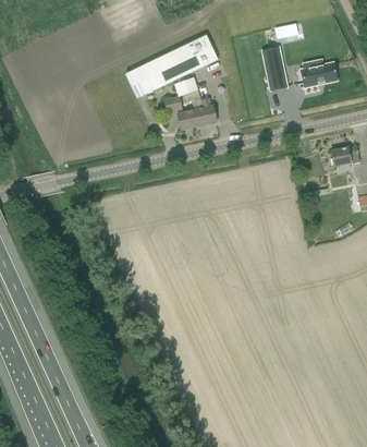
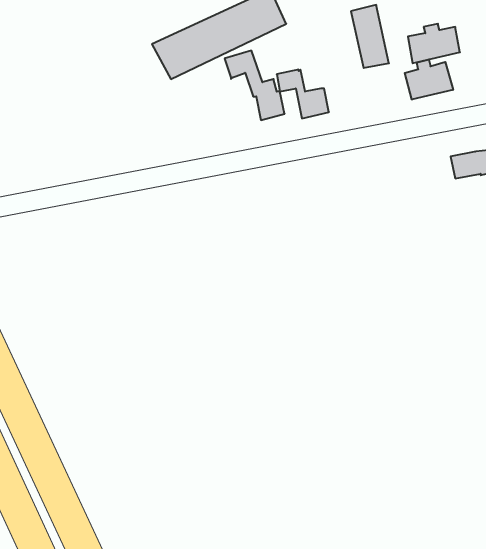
building: none -> [405,59,453,100]
building: [163,96,199,130] -> [277,70,329,118]

